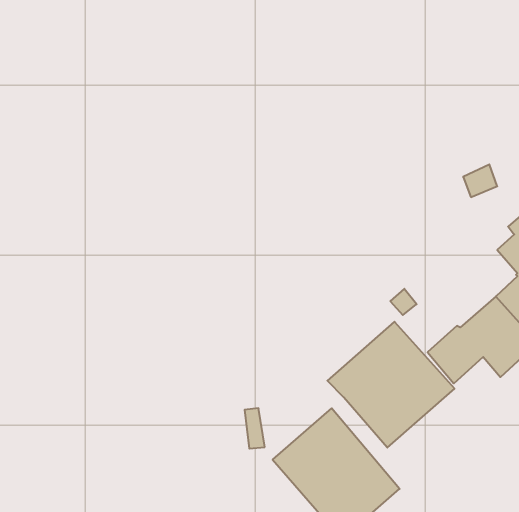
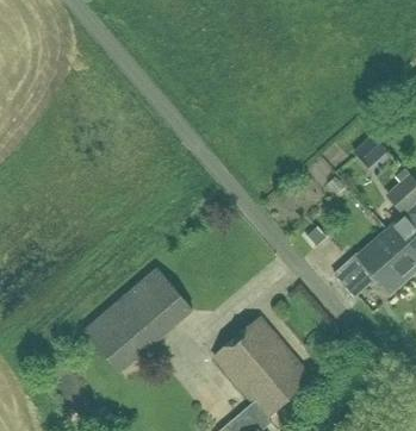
building: [327,322,454,448] -> none
building: none -> [85,269,192,371]

